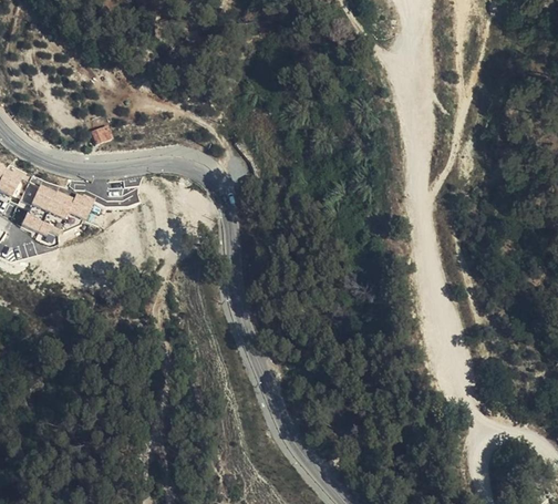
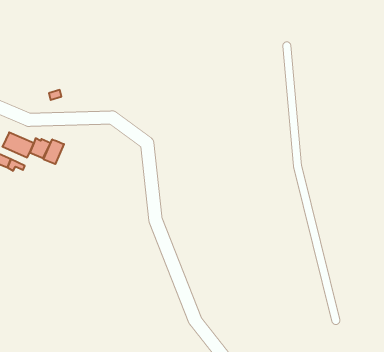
building: none -> [44,139,64,164]

